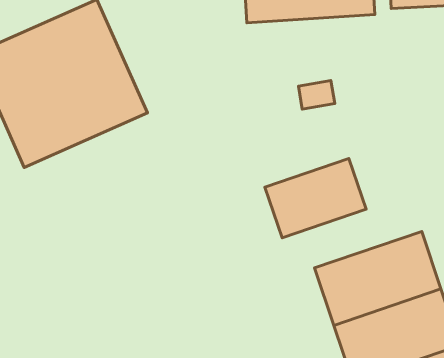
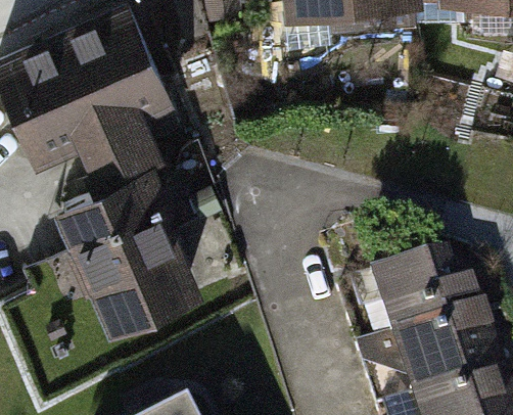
building: none -> [52,175,201,339]
building: [265,159,366,238] -> none

